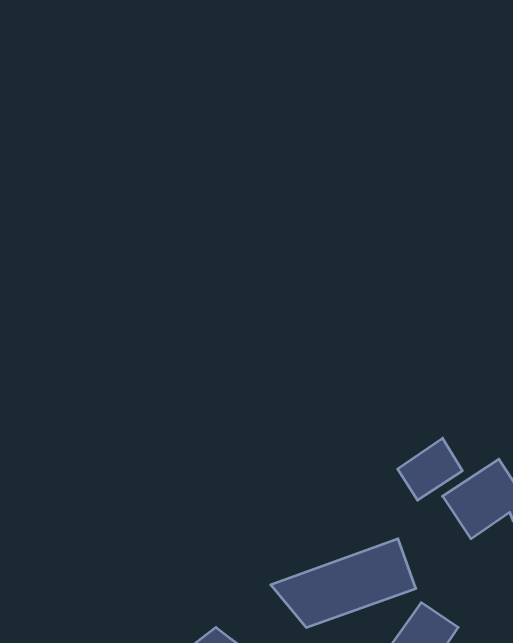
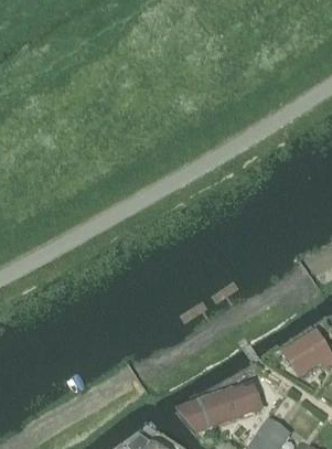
building: [398,438,462,500] -> none

